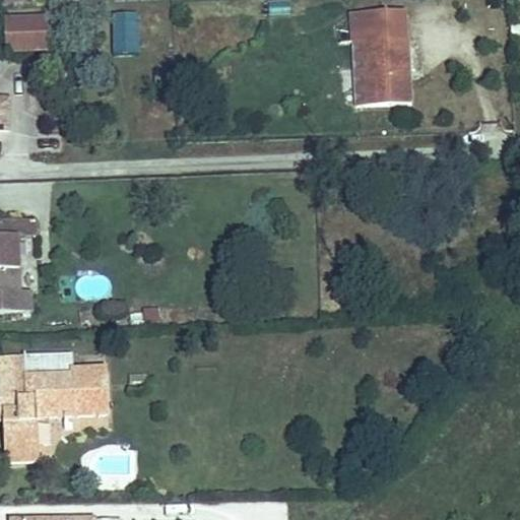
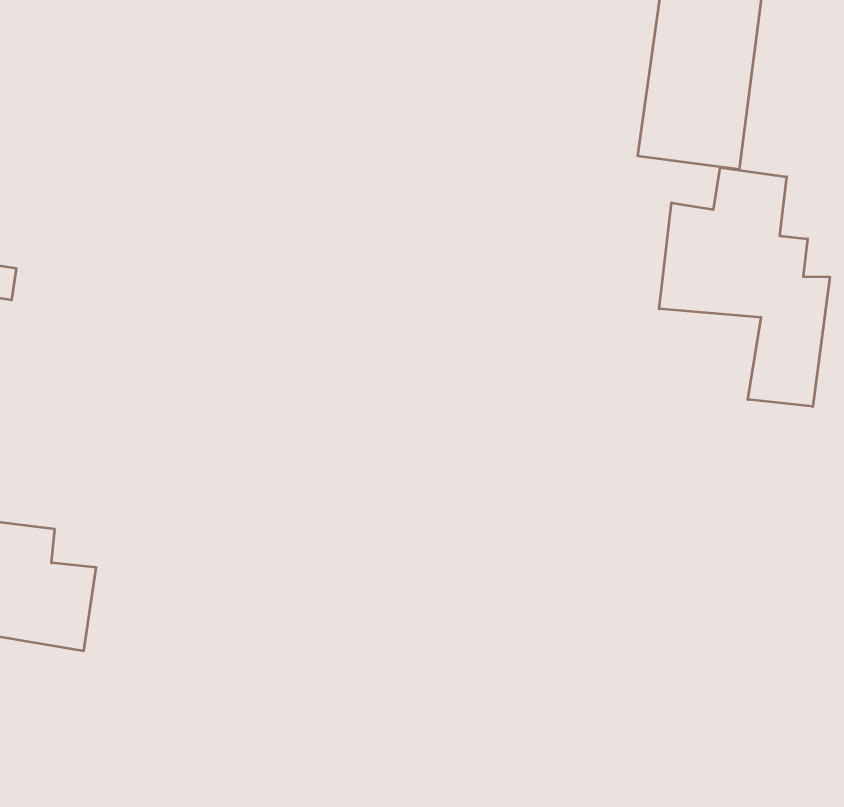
building: none -> [659,167,830,407]

